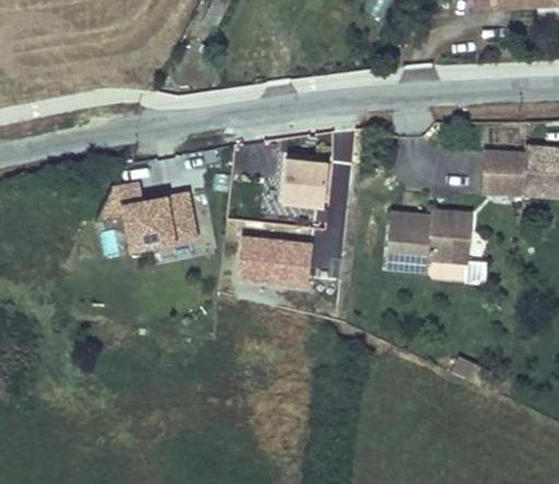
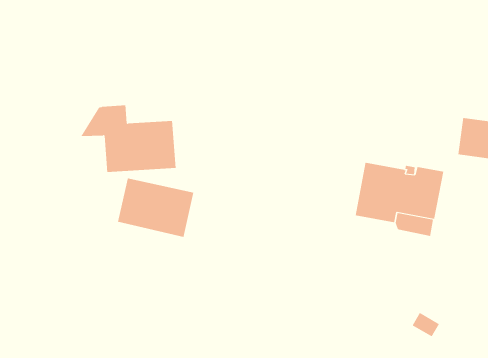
building: [281,155,330,205] -> none
building: [238,234,313,288] -> [117,178,194,237]

